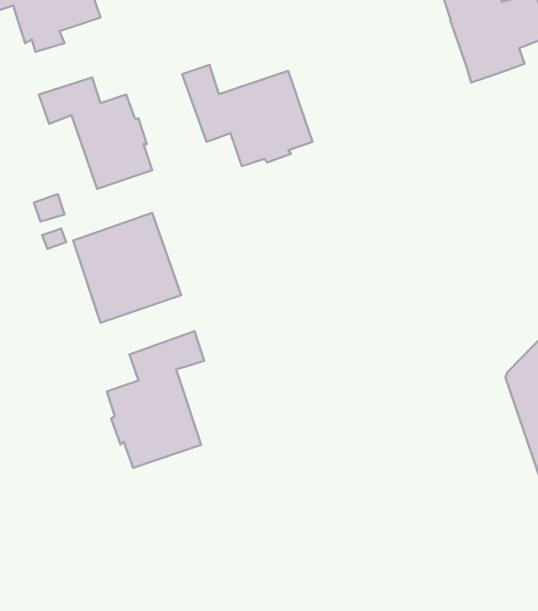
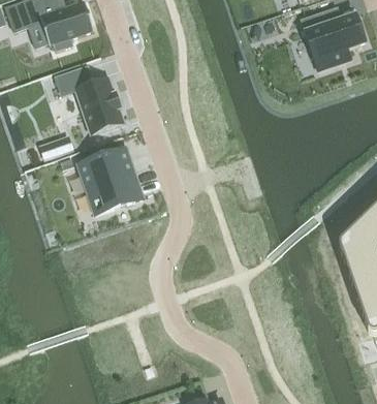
building: [182,65,312,166] -> none
building: [107,331,204,468] -> none

